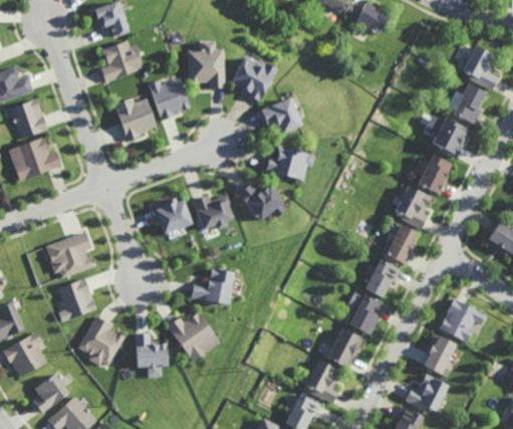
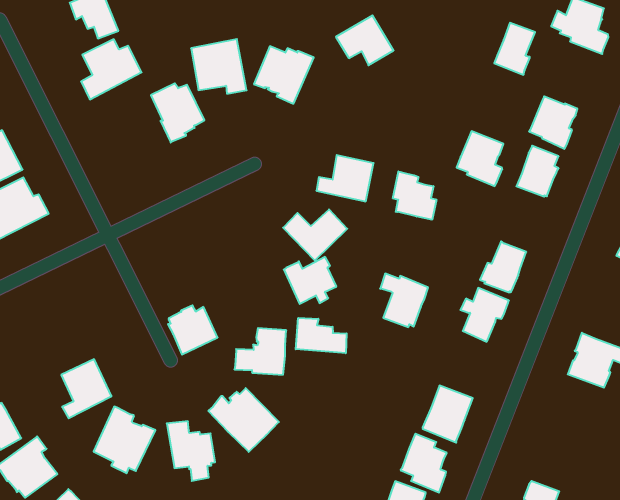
building: [453,83,486,124] -> [494,23,535,75]
building: [263,95,305,133] -> [336,15,394,65]
building: [114,98,157,143] -> none
building: none -> [393,171,436,220]
building: [394,185,431,228] -> [457,131,503,186]
building: [195,195,233,229] -> [284,257,336,304]
building: [154,199,190,235] -> [168,305,218,355]
building: [46,232,93,278] -> none
building: none -> [296,318,347,353]
building: [348,290,384,333] -> [380,274,428,327]
building: [424,334,457,376] -> none
building: [406,374,449,412] -> none

